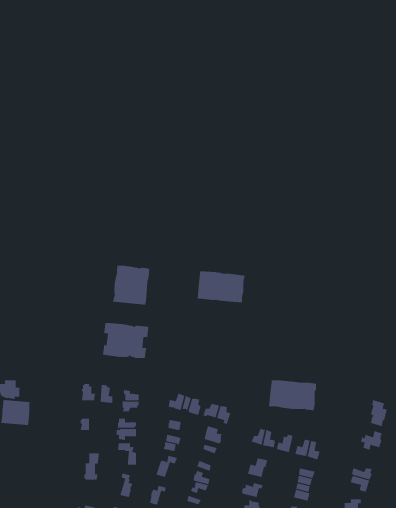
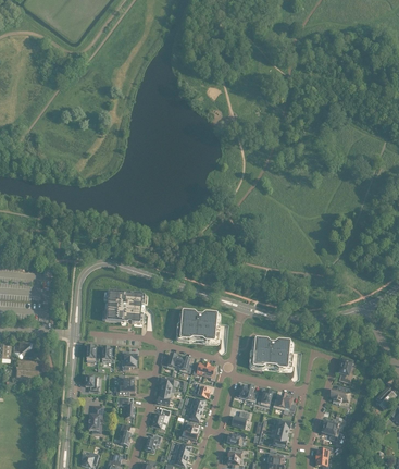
building: [113,265,150,306] -> none
building: [197,271,245,303] -> [176,312,219,341]

